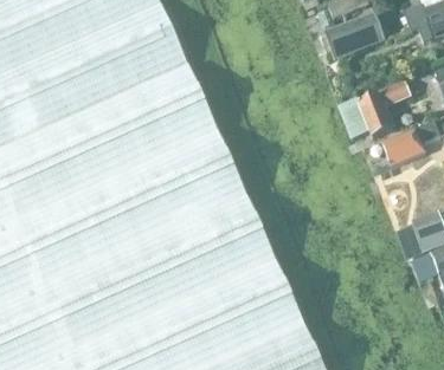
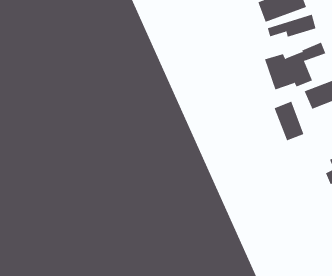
building: none -> [267,14,316,38]
building: none -> [274,101,304,141]

